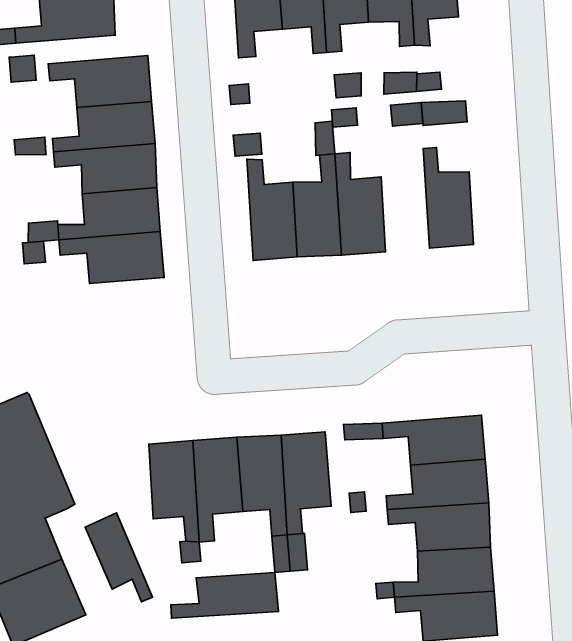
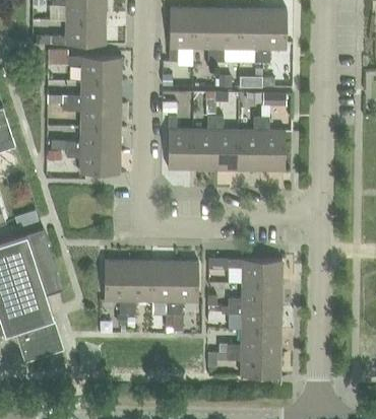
building: none -> [238,116,262,169]
building: [85,513,153,602] -> none
building: [171,572,279,618] -> none

